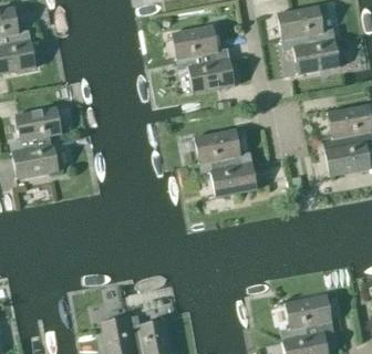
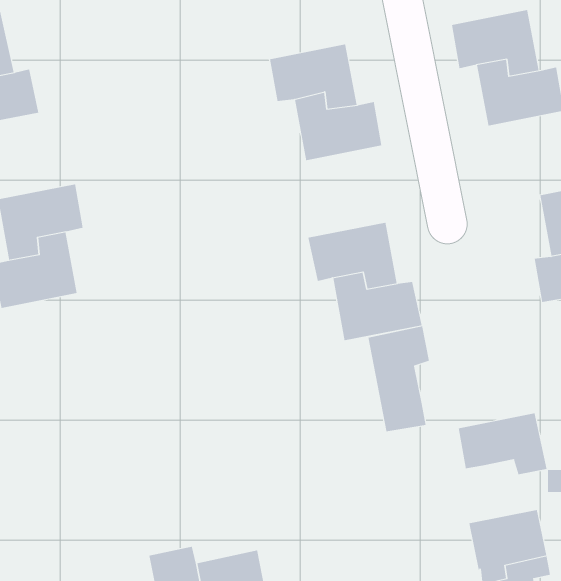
building: none -> [368,326,429,432]
building: none -> [458,413,547,475]

